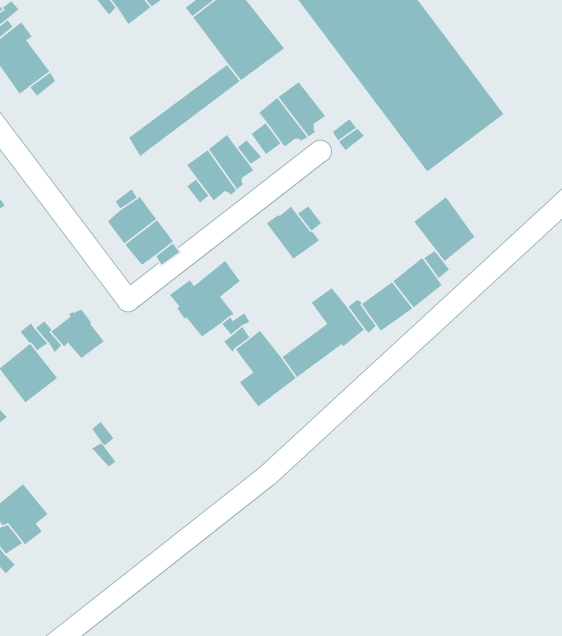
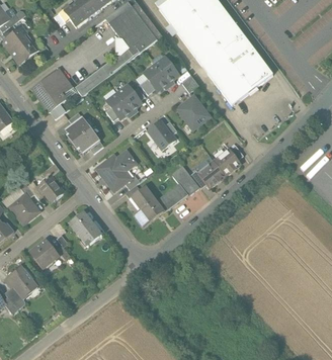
building: none -> [31,70,72,110]
building: [413,196,475,262] -> [177,94,210,128]
building: none -> [70,211,101,244]
building: none -> [29,238,59,267]

